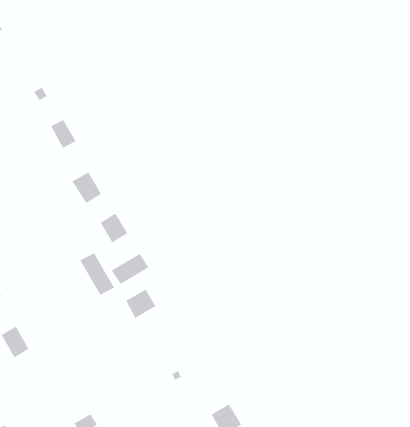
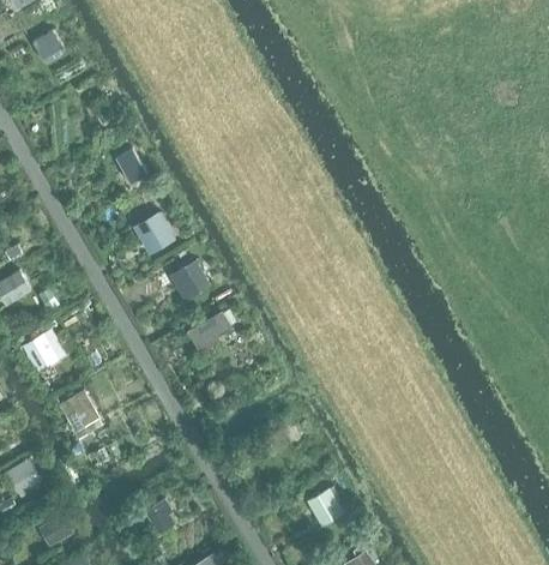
building: [80,253,115,296] -> none
building: [125,289,156,319] -> none

